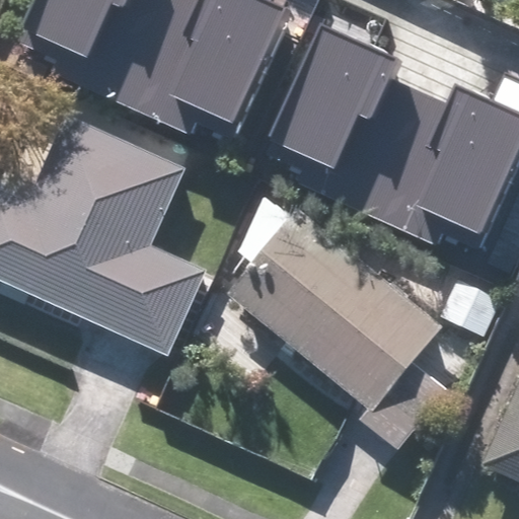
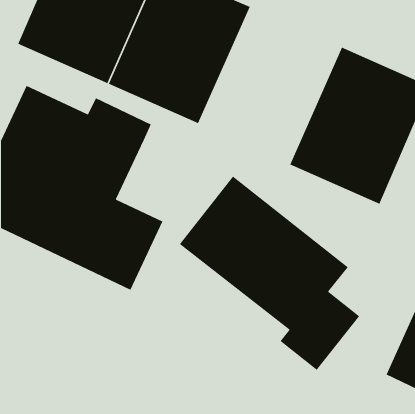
building: [249,8,427,205] -> none

